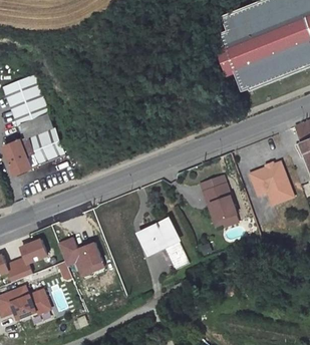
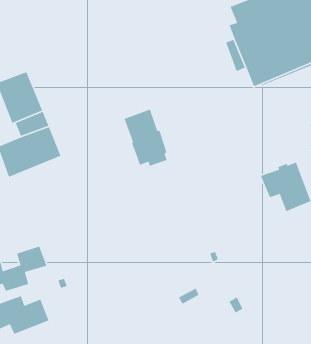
building: [199,174,240,228] -> [123,109,168,167]
building: [138,219,188,268] -> none
building: [58,236,107,276] -> none

